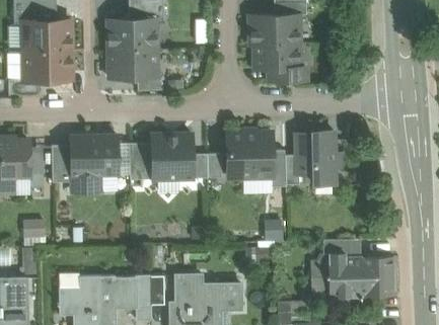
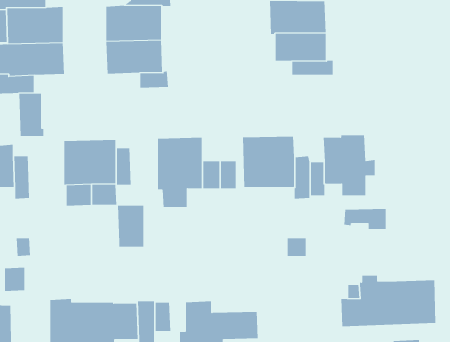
building: [129,143,152,179] -> [117,205,144,247]
building: [51,145,73,182] -> [19,93,44,137]
building: [322,240,360,258] -> [343,208,387,229]

